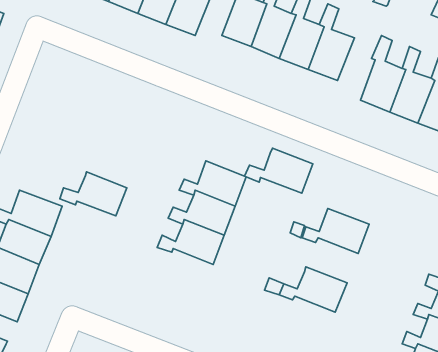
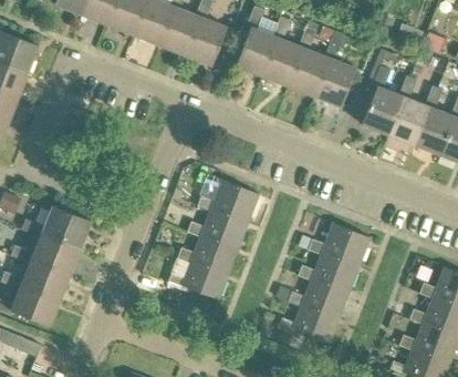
building: [245,148,313,193] -> [298,249,360,291]
building: [60,172,127,216] -> [167,259,228,299]
building: none -> [278,303,339,344]

